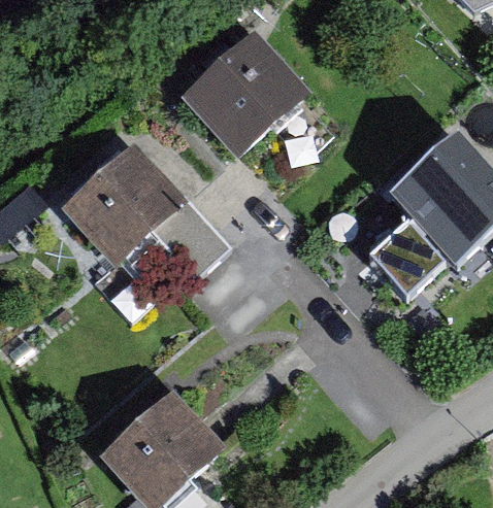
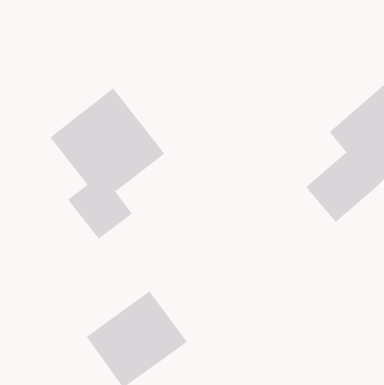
building: [190,37,314,160] -> none

